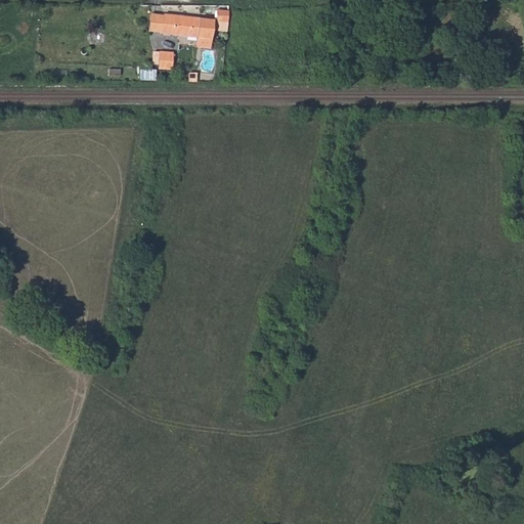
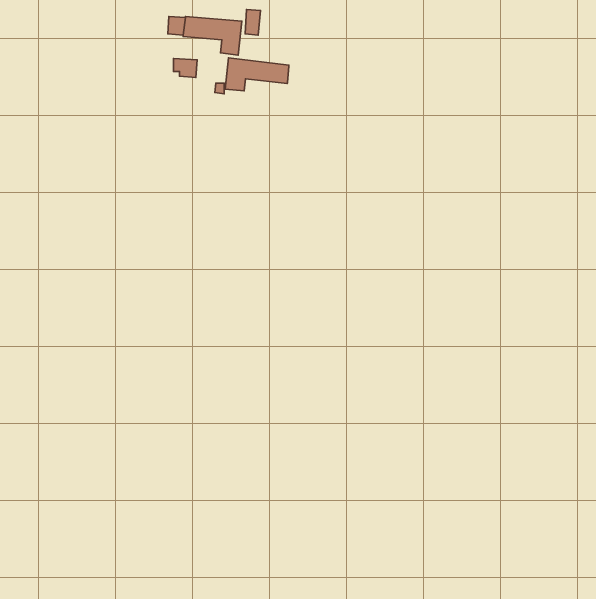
building: none -> [225,58,289,91]

